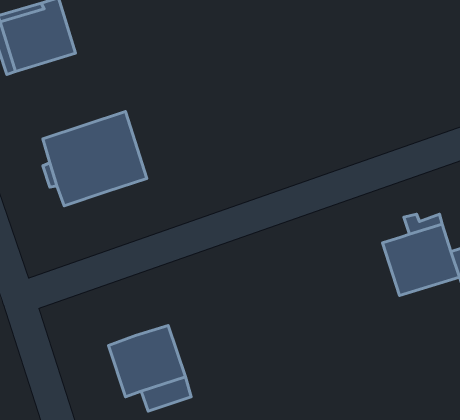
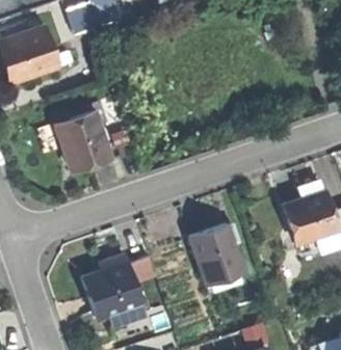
building: none -> [190,221,243,282]

